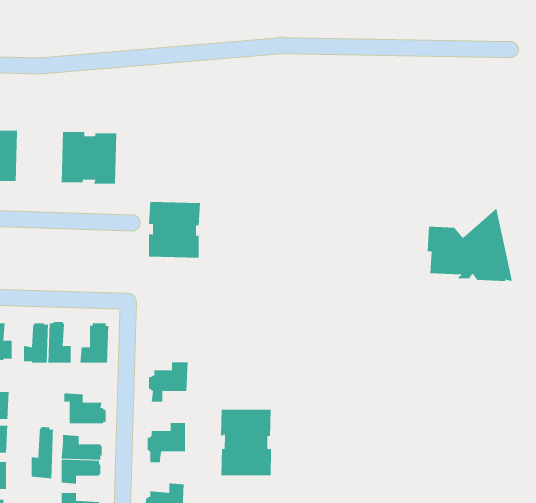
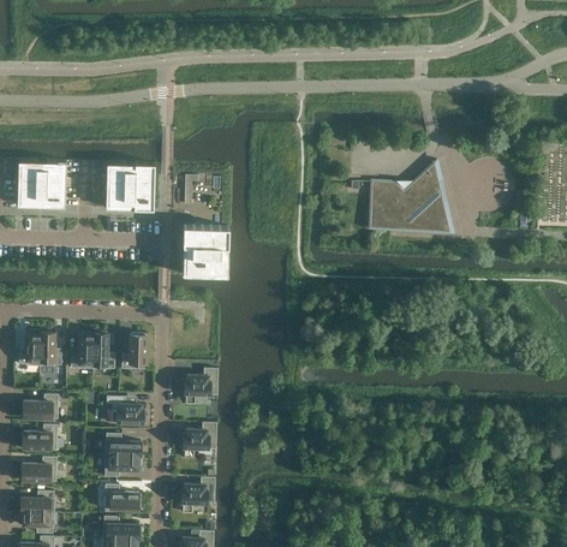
building: [427,207,513,281] -> [370,165,447,231]
building: [220,409,272,476] -> none
building: [31,426,54,479] -> none

